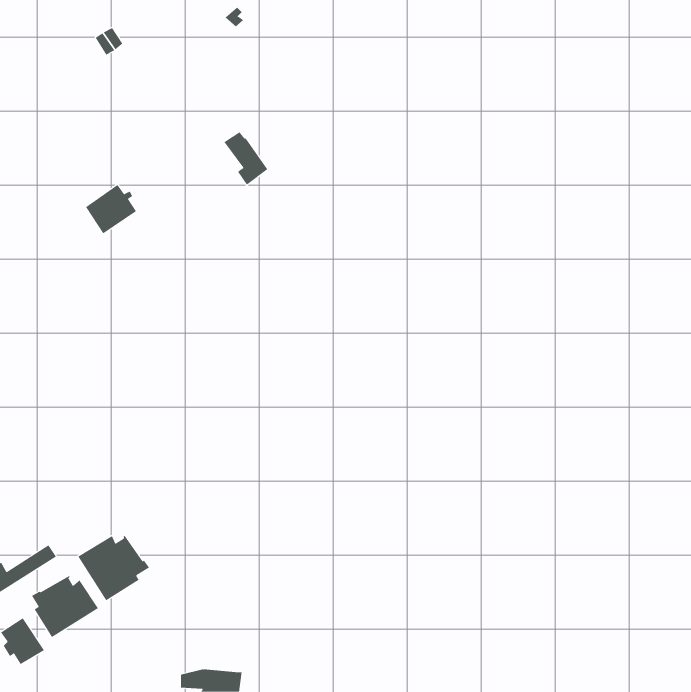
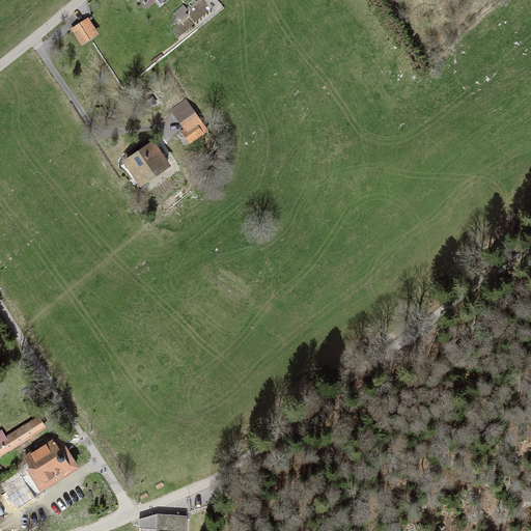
building: [85,184,137,234] -> [125,143,165,181]
building: [78,535,150,601] -> none

